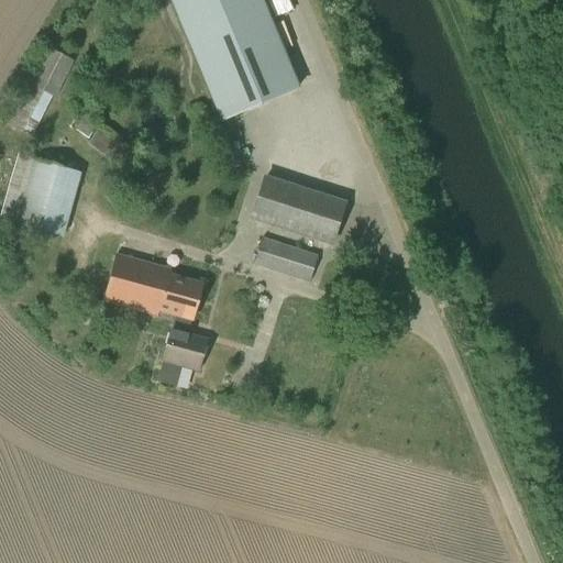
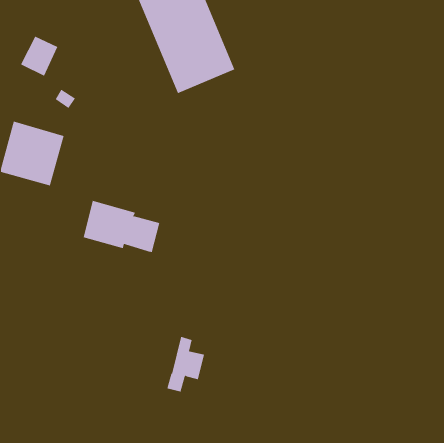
building: [253,176,345,243] -> none
building: [254,236,319,282] -> none
building: [158,314,207,385] -> [166,336,205,392]

